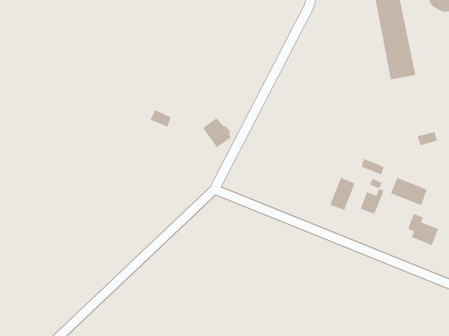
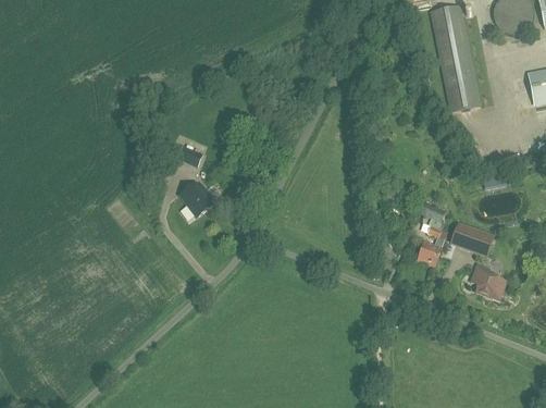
building: [202,118,232,148] -> [179,181,213,215]
building: [329,177,355,211] -> none

